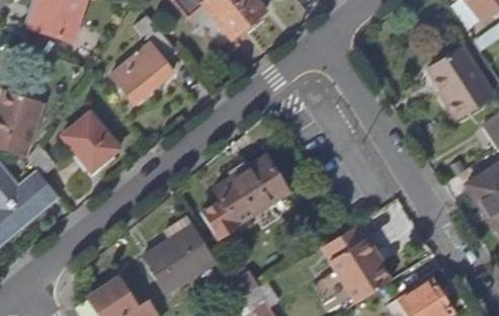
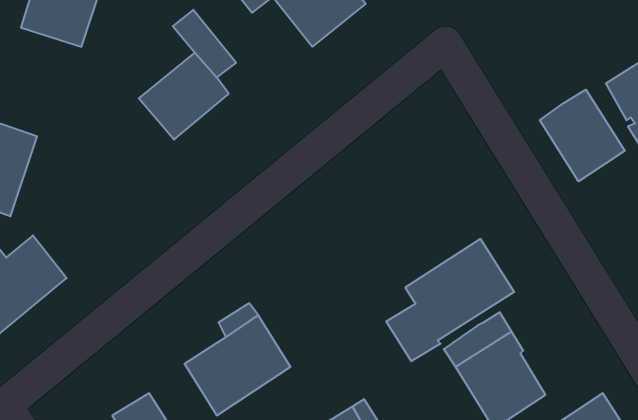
building: none -> [540,90,625,181]
building: [61,113,118,171] -> none
building: [199,156,287,240] -> [386,239,514,361]

